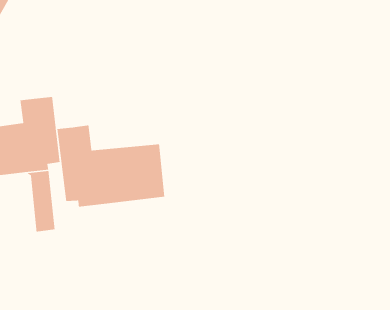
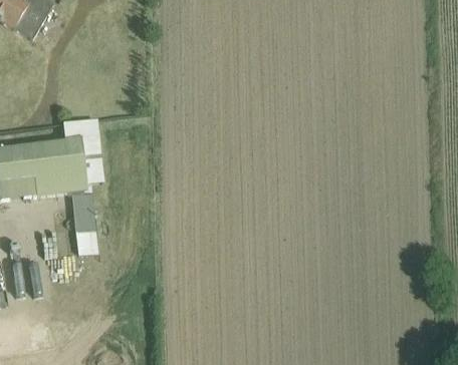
building: [57,125,165,207] -> none

